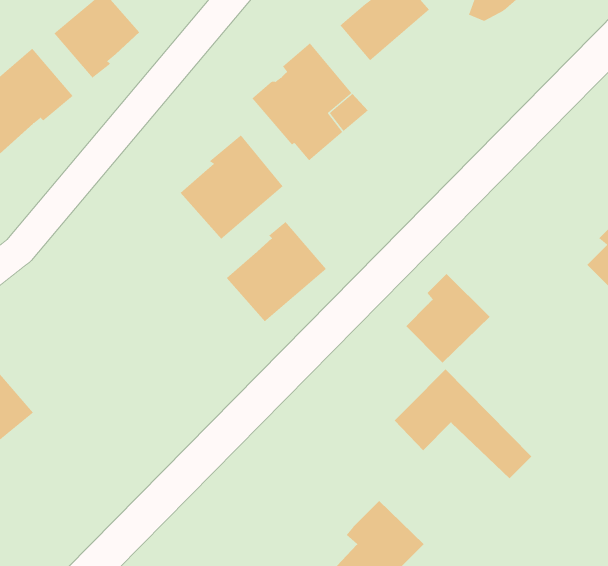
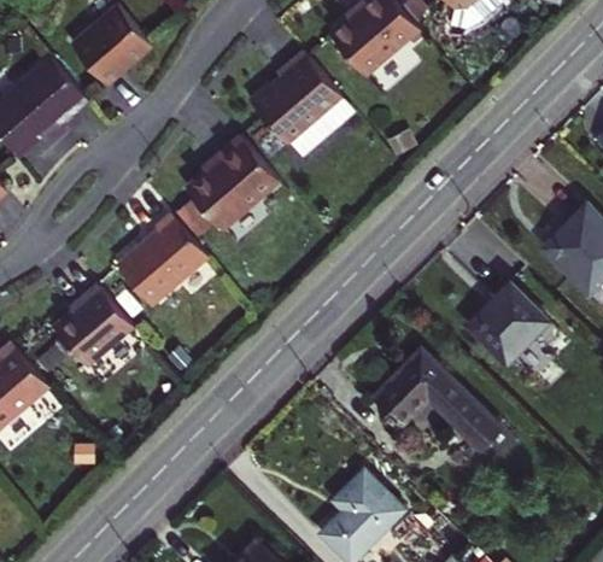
building: [226,221,327,322] -> [116,213,207,305]
building: [405,273,490,364] -> [474,282,551,364]
building: none -> [53,285,133,368]

